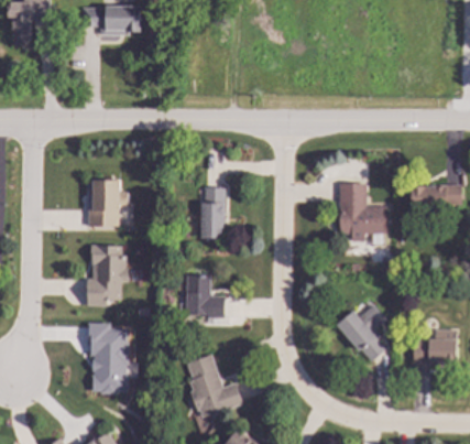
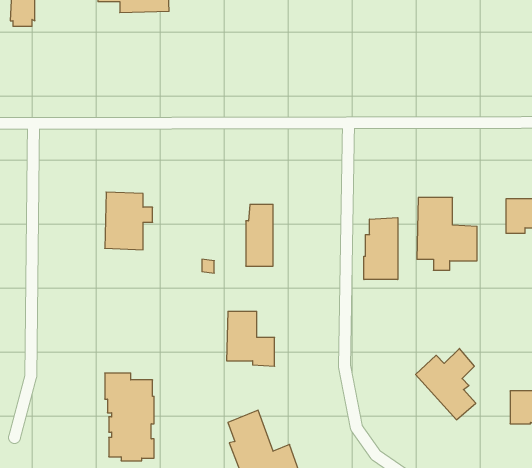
building: none -> [364,218,398,280]
building: [85,243,127,305] -> none

